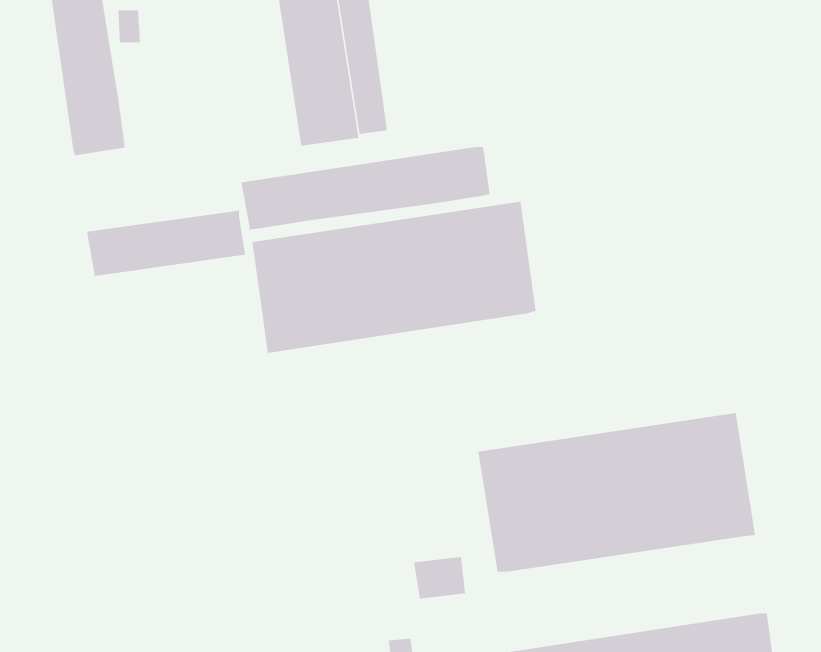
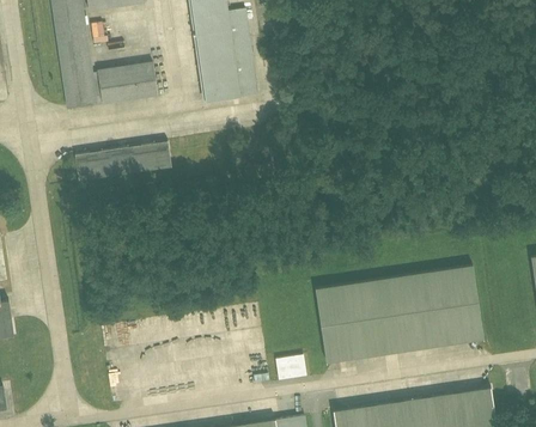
building: none -> [97,61,158,103]
building: [241,146,490,230] -> none
building: [252,201,536,354] -> none

